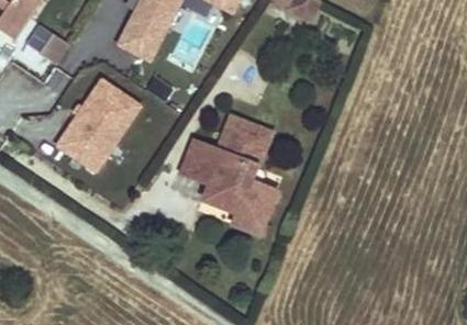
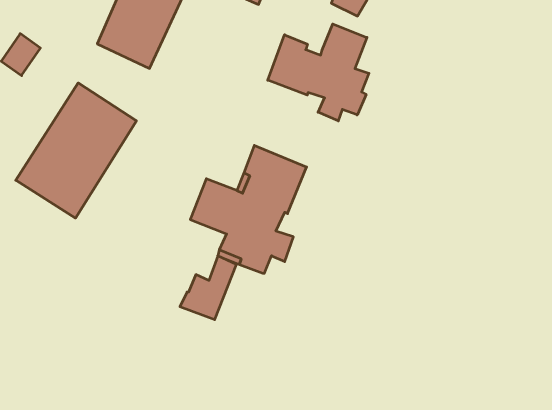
building: none -> [268,24,369,121]
building: [232,187,275,235] -> [180,256,237,320]

